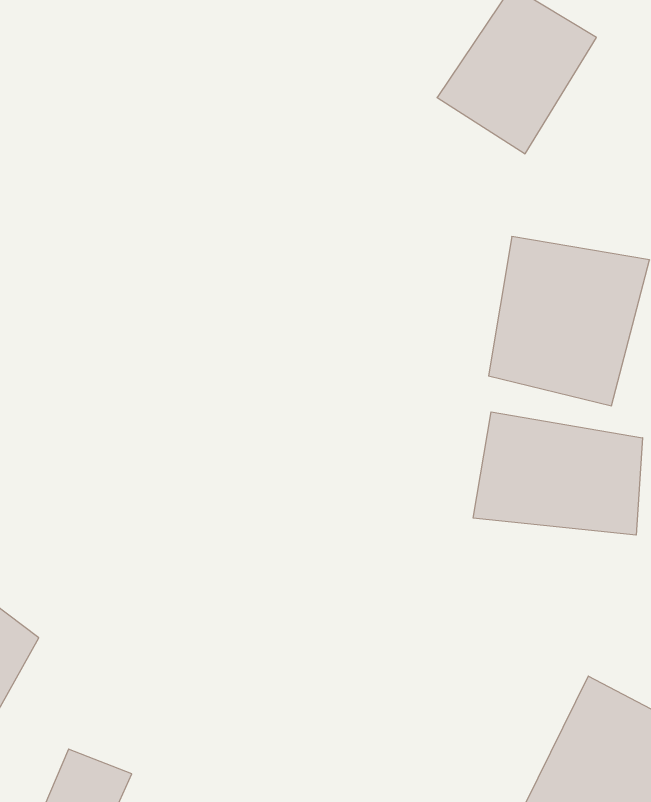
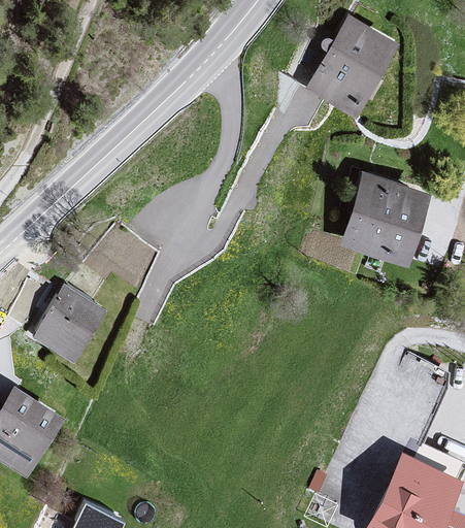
building: [473,412,643,535] -> none
building: none -> [39,289,105,365]

